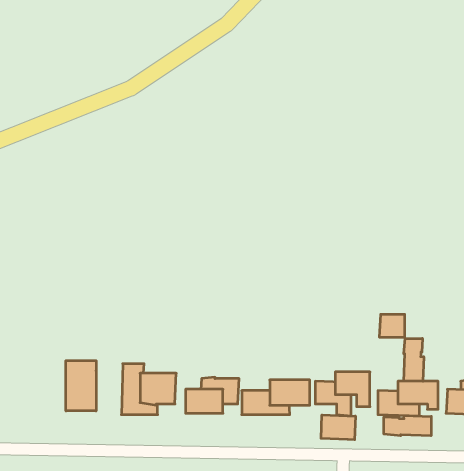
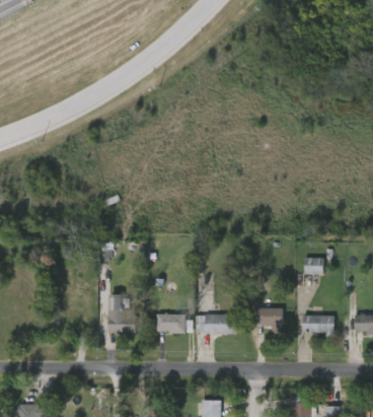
building: [404,338,424,381] -> none
building: [66,361,96,411] -> none
building: [321,415,355,440] -> none
building: [384,416,431,436] -> none

